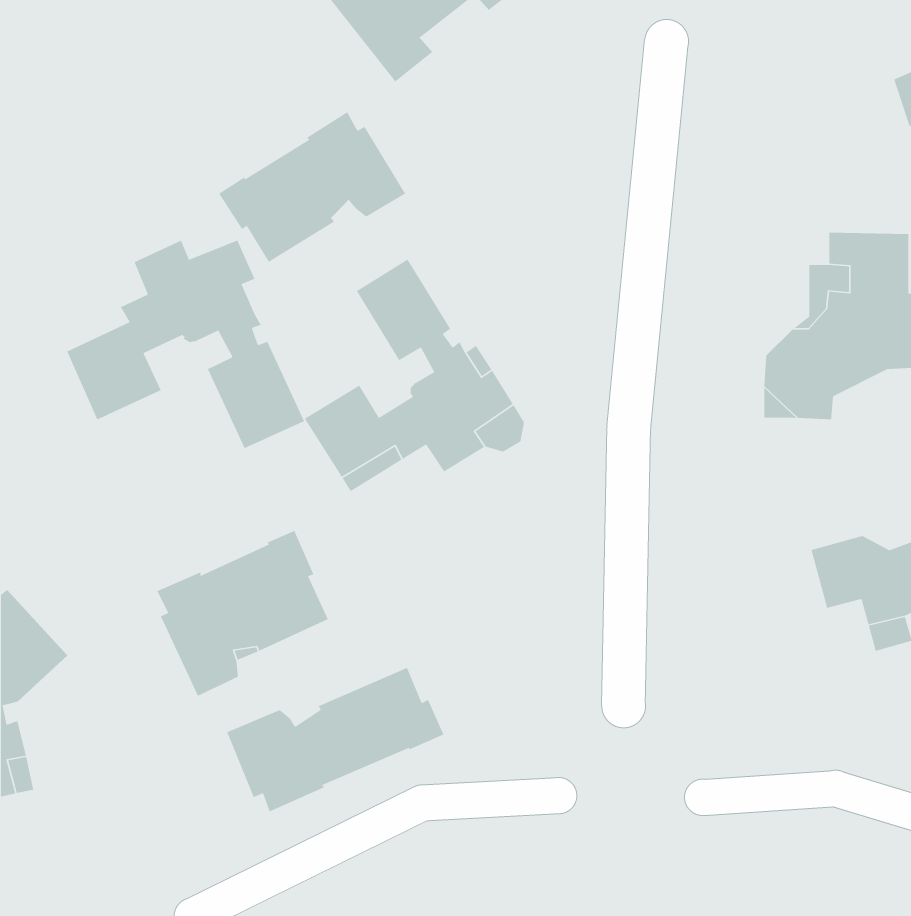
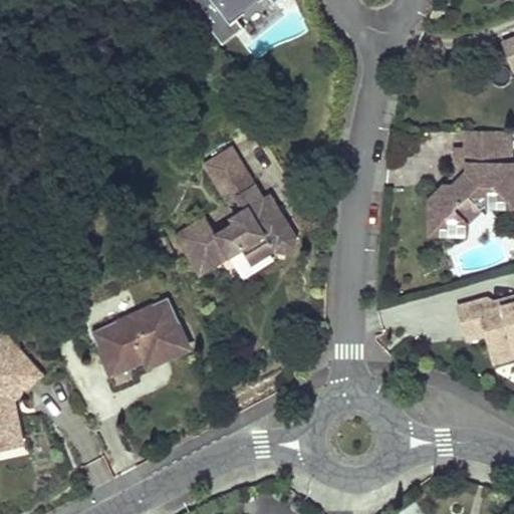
building: [218,111,406,263] -> none
building: [66,239,305,449] -> none
building: [226,667,445,812] -> none

